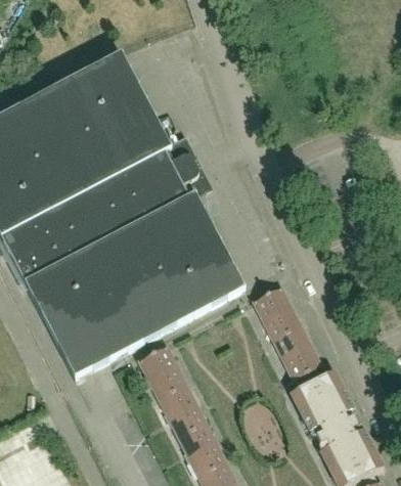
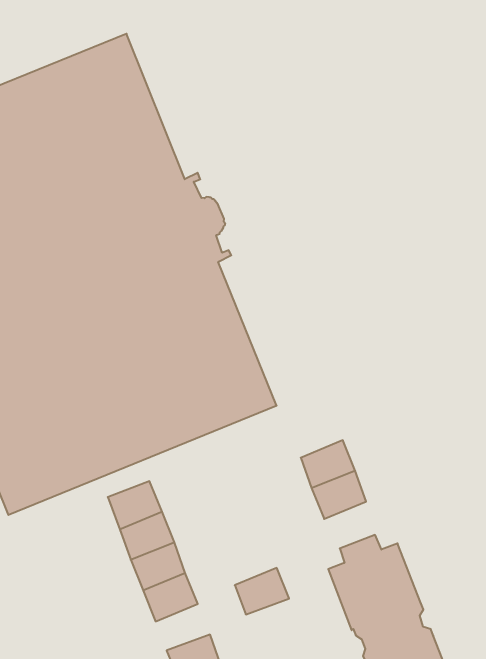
building: [253,284,289,318] -> none
building: [282,343,319,377] -> none
building: [178,422,215,454] -> [235,568,289,614]

